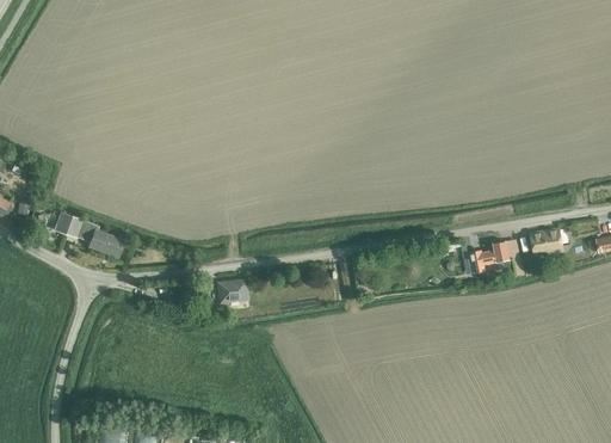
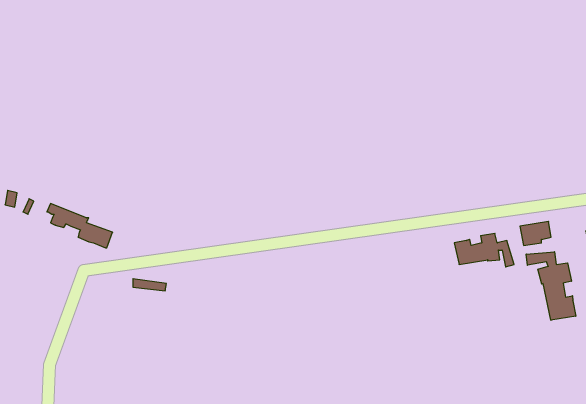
building: none -> [526,252,576,320]
building: [216,278,248,308] -> none

